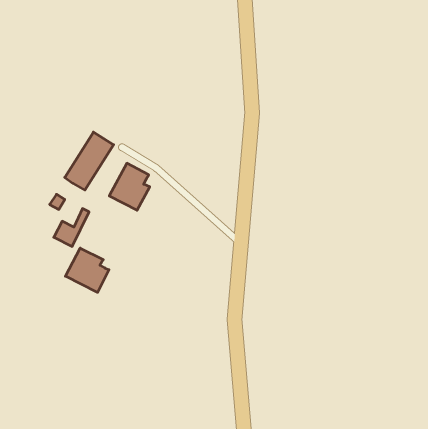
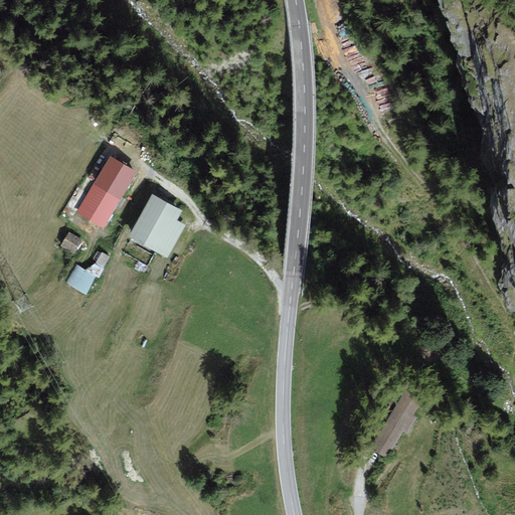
building: [65,248,109,292] -> none
building: none -> [371,391,417,455]

